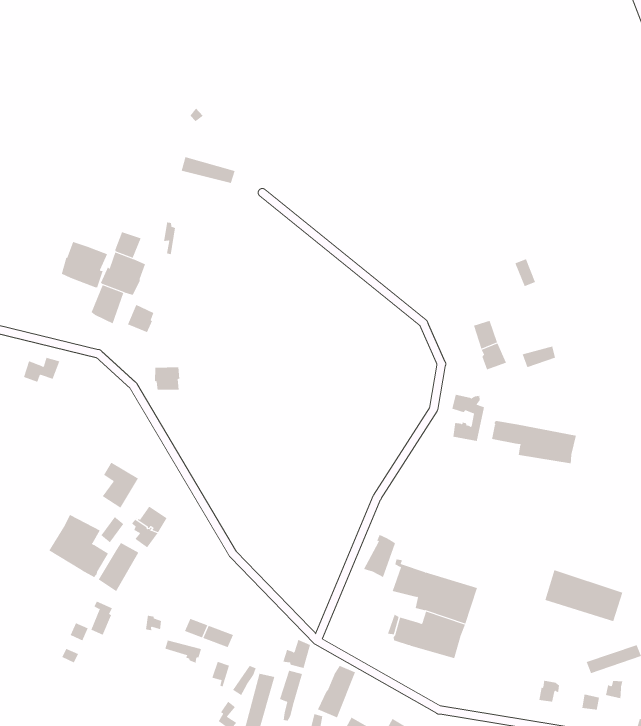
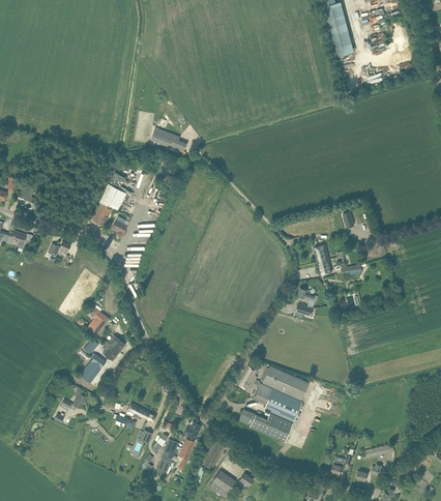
building: [61,241,108,288] -> none
building: [491,420,576,464] -> none
building: [49,514,109,578] -> none
building: [545,569,623,622] -> [263,365,310,400]

